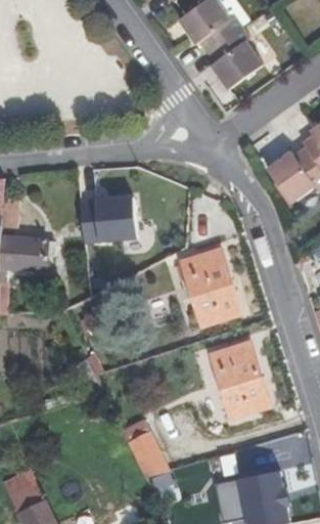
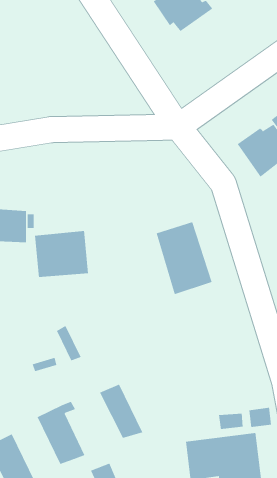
building: [207,26,263,89] -> none
building: [81,196,138,246] -> [34,230,89,277]
building: [211,342,269,418] -> none
building: none -> [37,401,85,465]

